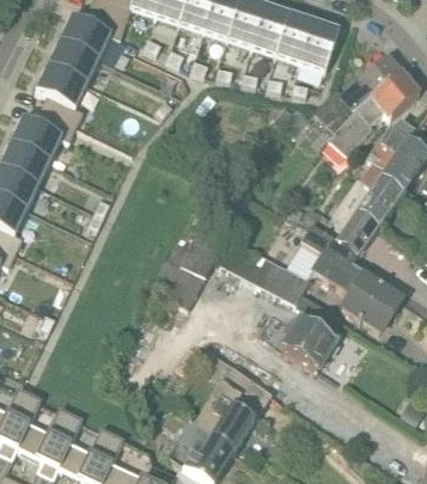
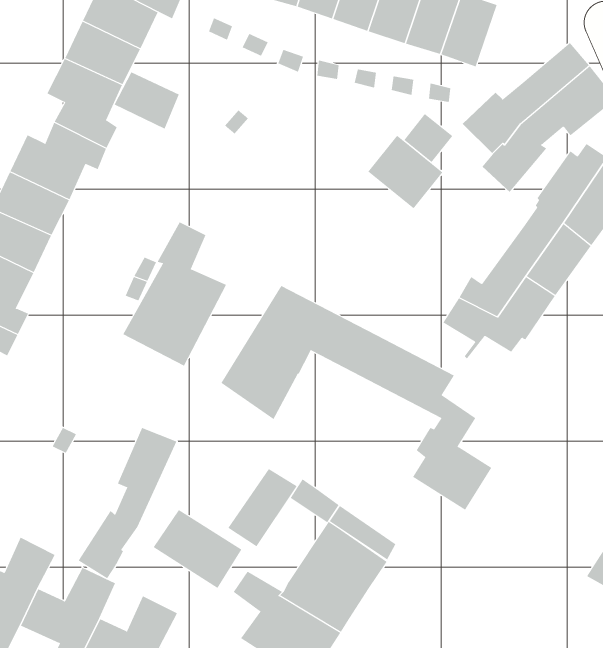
building: none -> [114,72,179,130]
building: none -> [368,135,443,209]
building: none -> [123,222,227,366]
building: [318,253,401,331] -> none
building: none -> [78,427,177,579]
building: none -> [227,468,297,547]
building: none -> [153,509,242,589]

